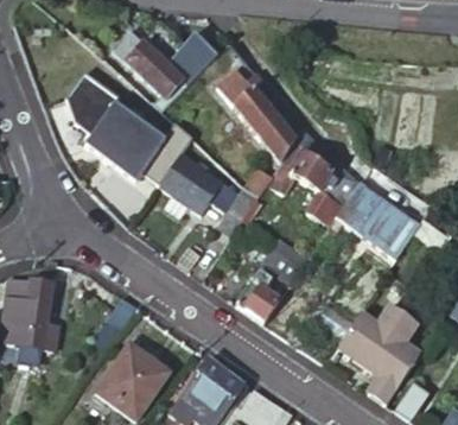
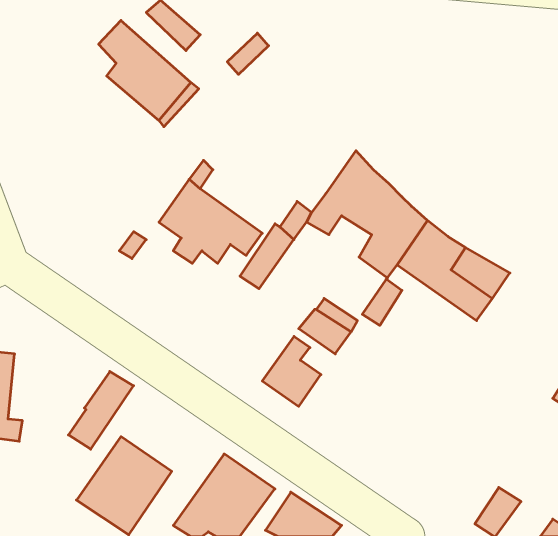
building: [218,62,305,161] -> none
building: [70,65,171,163] -> none
building: [338,304,419,402] -> none

